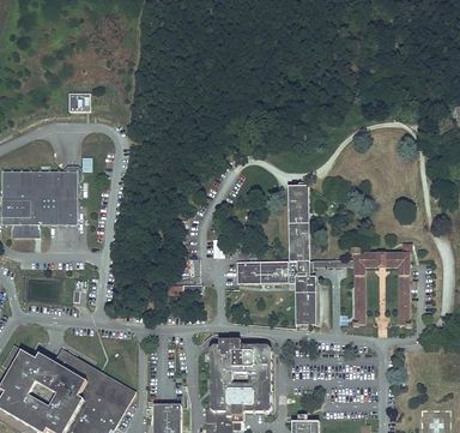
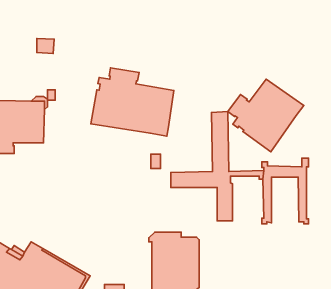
building: none -> [91,68,174,136]
building: none -> [228,79,304,152]

